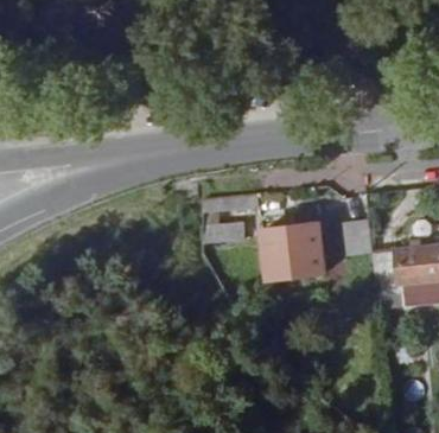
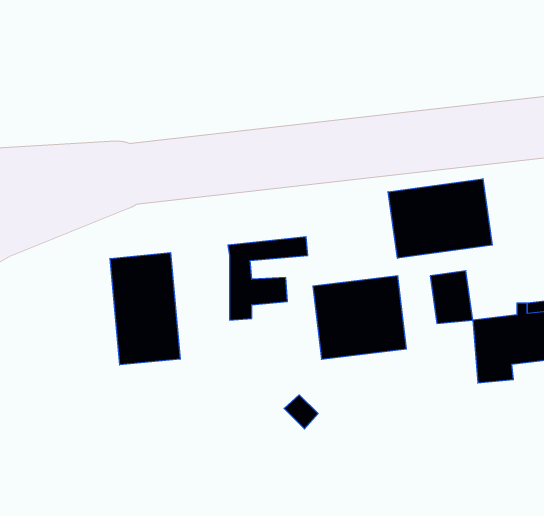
building: none -> [388,179,492,258]
building: none -> [110,253,180,365]

